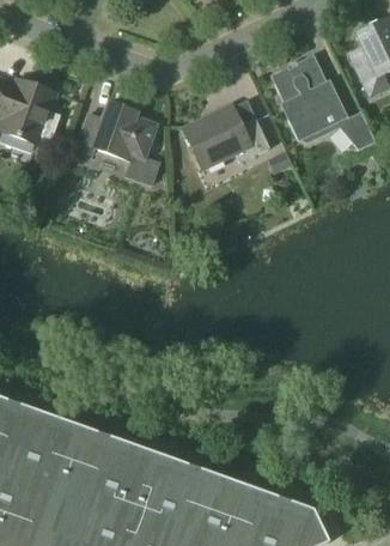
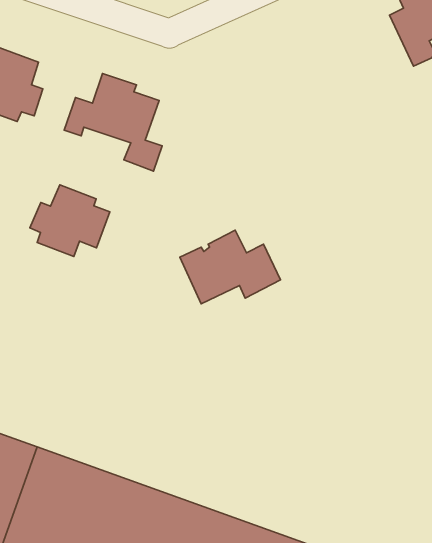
building: [272,53,376,148] -> none
building: [185,104,270,166] -> [180,230,281,304]
building: none -> [30,185,110,256]

